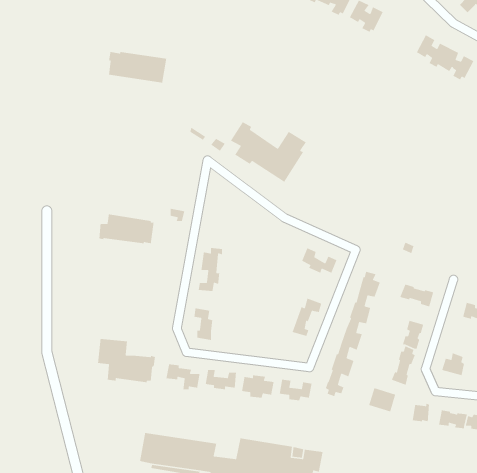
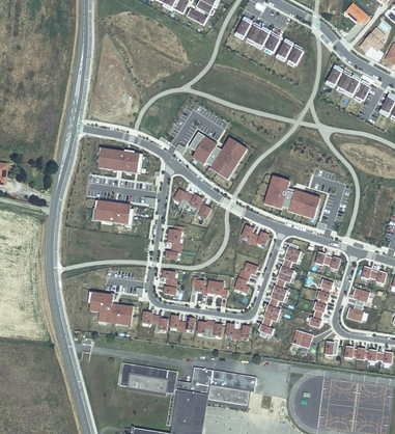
building: [108,51,167,84] -> [98,150,142,173]
building: none -> [263,177,320,216]
building: none -> [174,189,210,219]
building: none -> [190,276,227,298]

